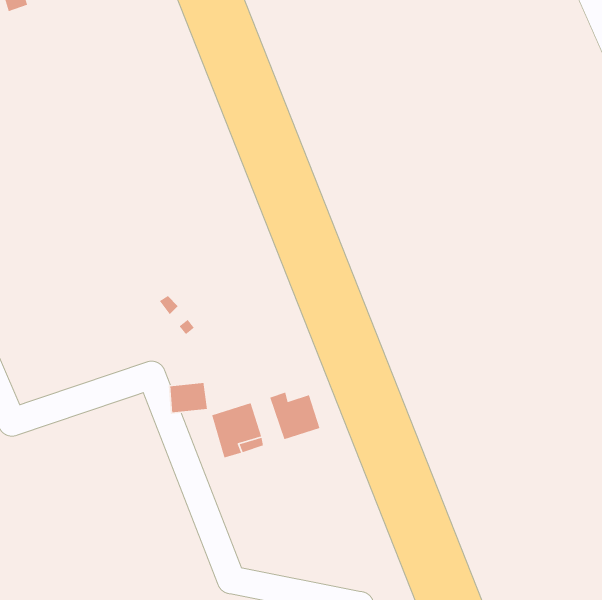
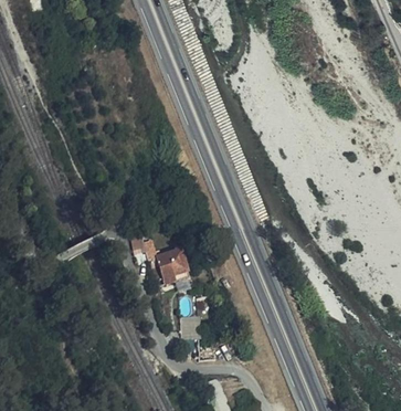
building: [269,392,321,440] -> none

